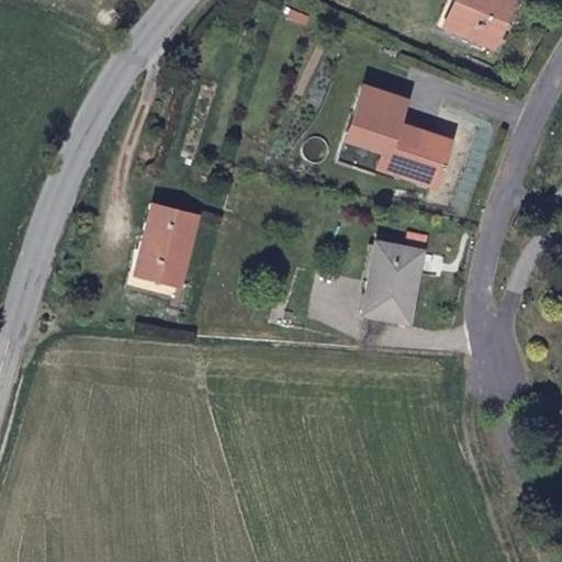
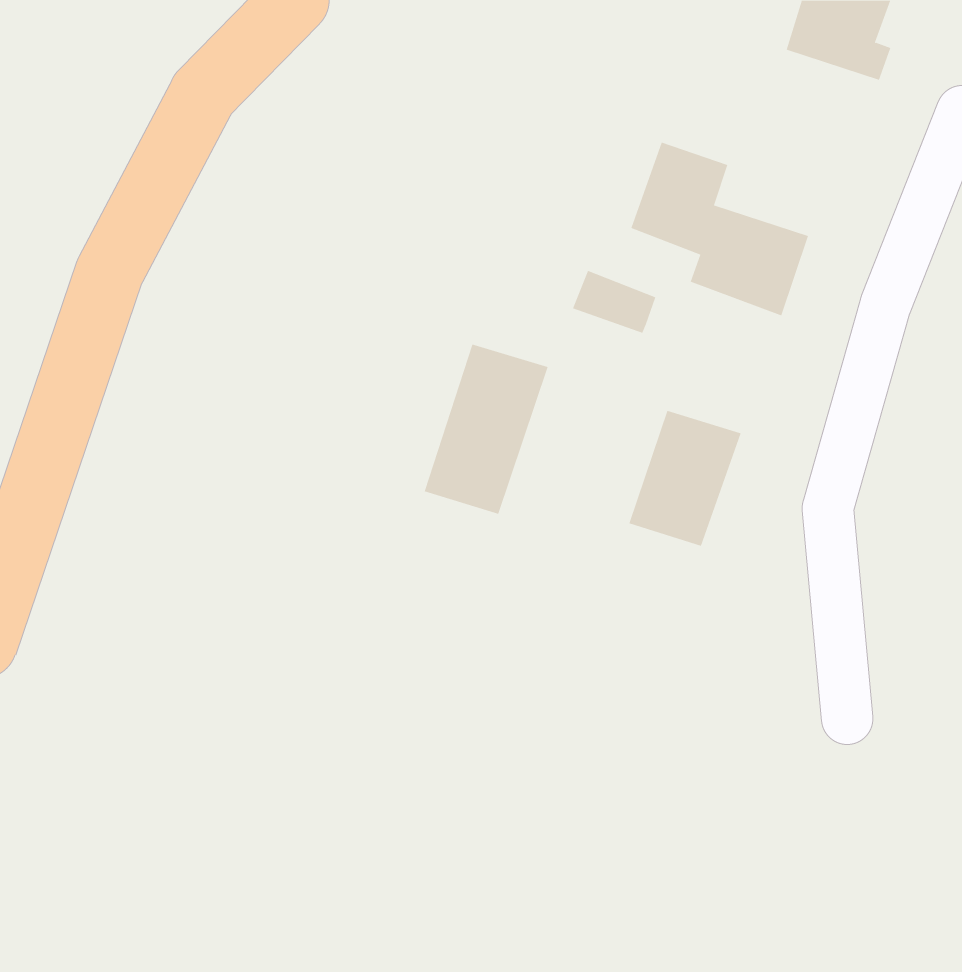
building: [352,135,401,171] -> [572,270,656,333]
building: [120,206,191,304] -> [424,344,548,514]

